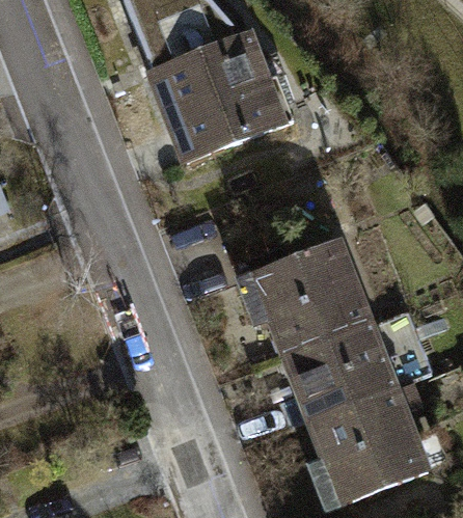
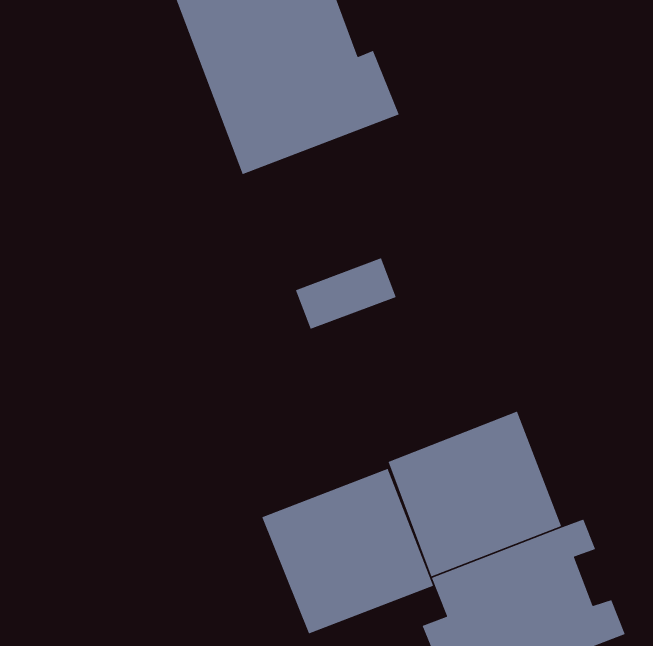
building: [236,239,371,350] -> none
building: none -> [261,468,434,634]

